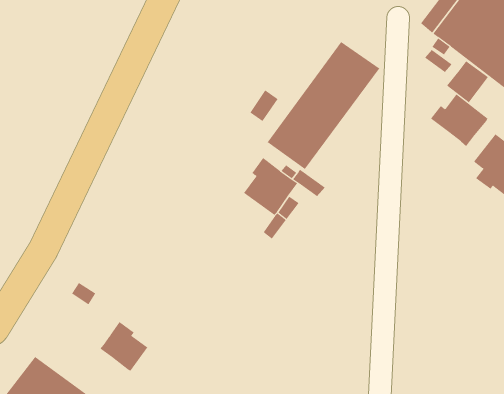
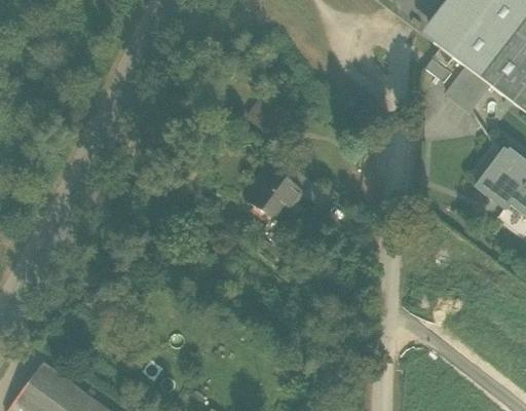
building: [267,41,380,170] -> none
building: [430,93,488,147] -> none
building: [99,321,148,371] -> none

